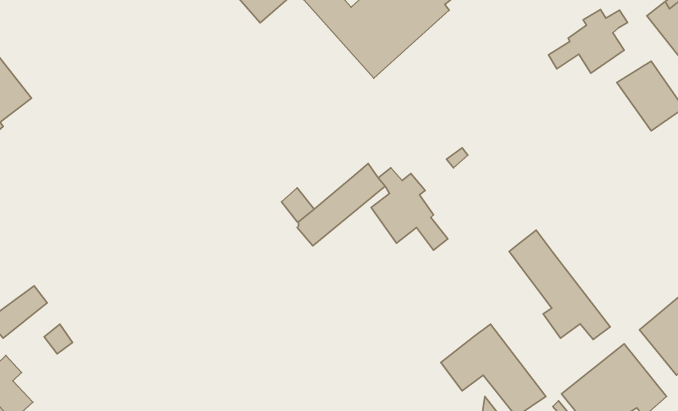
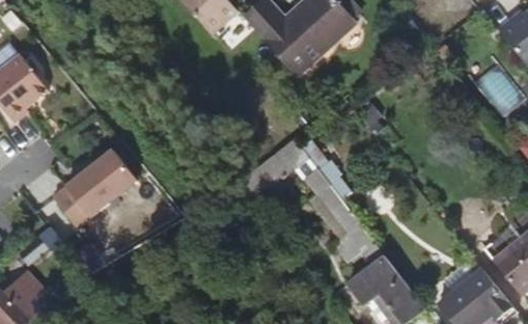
building: [548,9,627,73] -> none
building: none -> [52,150,136,227]
building: [509,230,610,339] -> [309,184,383,264]

